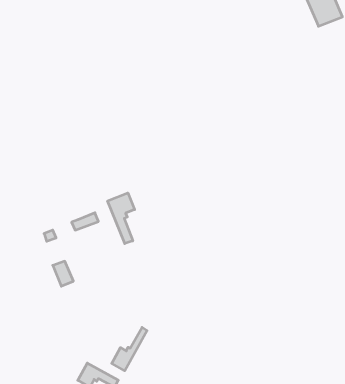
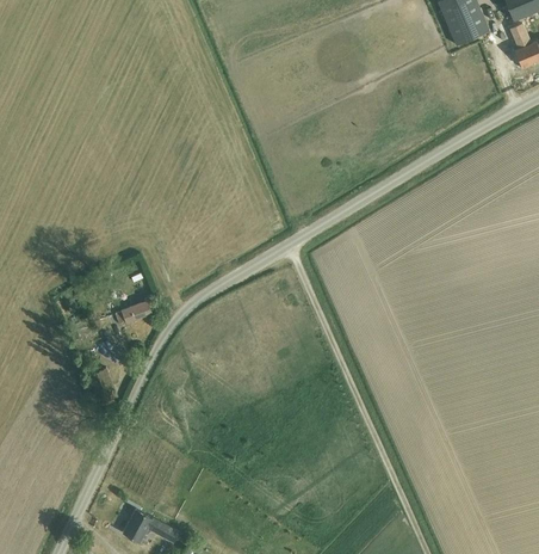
building: [108,193,135,244] -> none
building: [112,327,147,371] -> none

